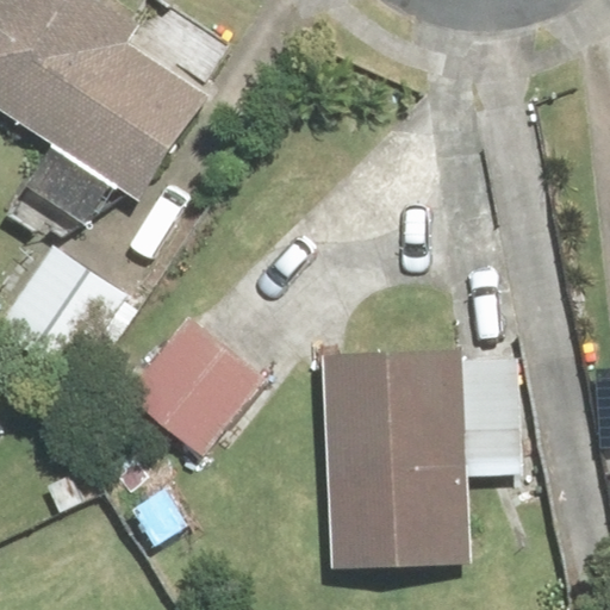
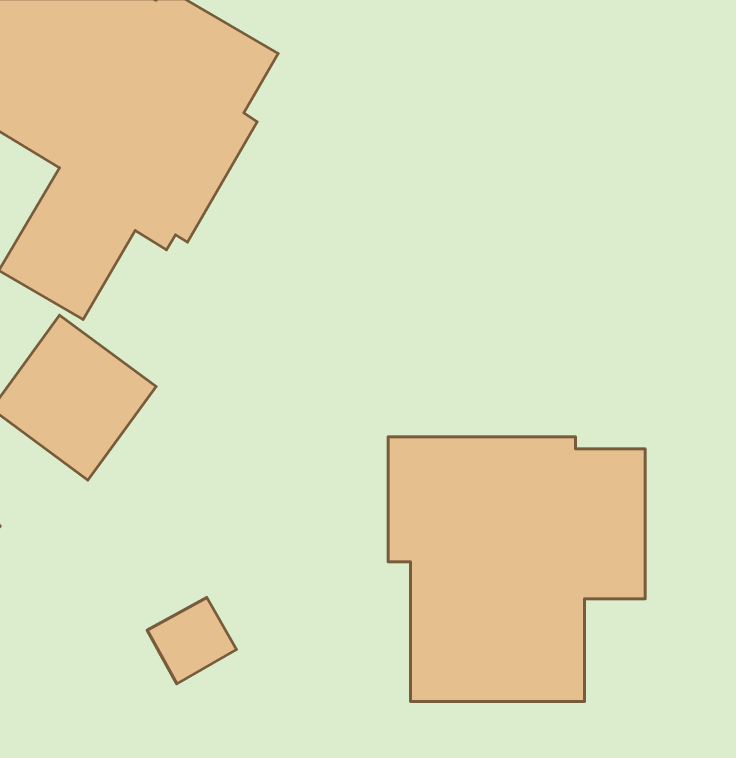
building: [119,313,266,459] -> none

